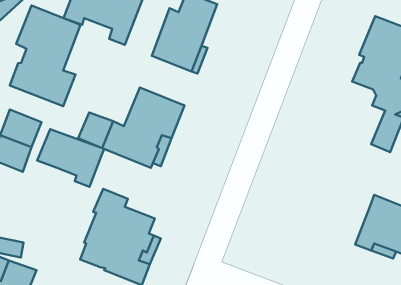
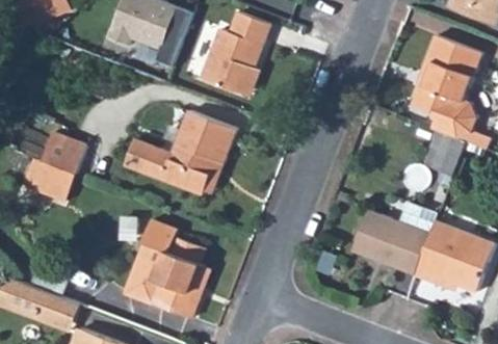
building: [10,6,80,106] -> none
building: [37,129,104,187] -> none
building: none -> [351,210,429,274]

